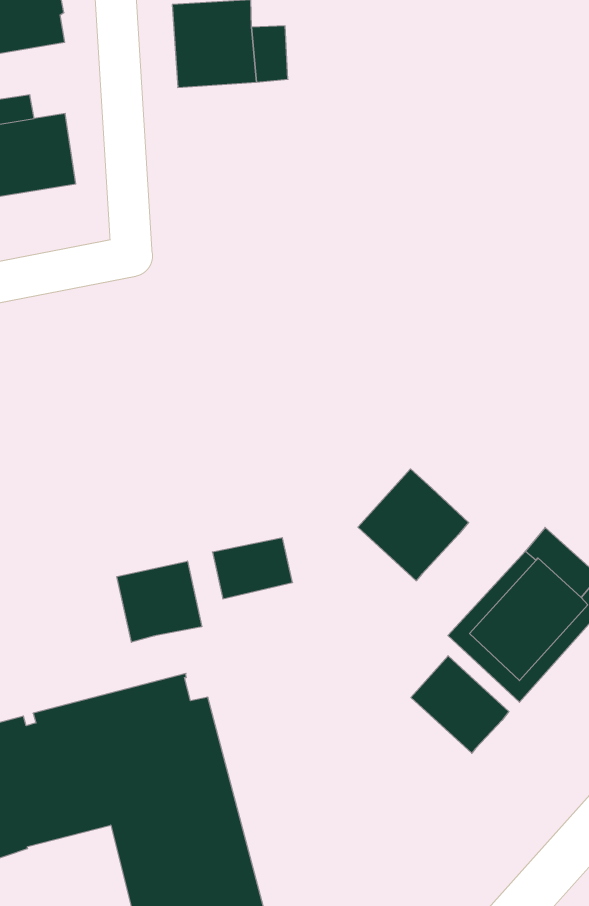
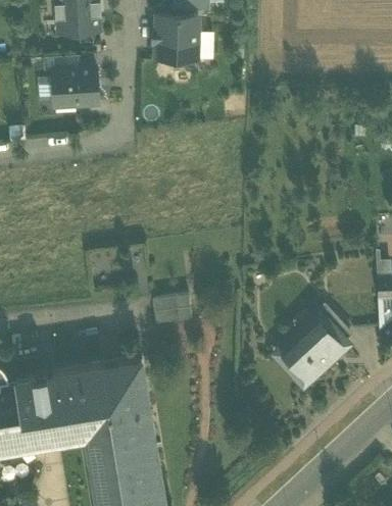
building: [358,469,469,581] -> none
building: [117,561,202,642] -> none
building: [411,656,509,753] -> none

